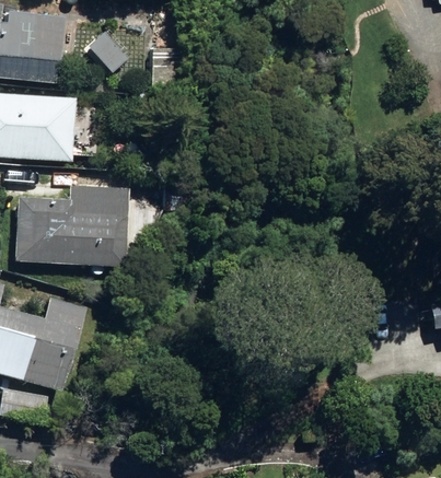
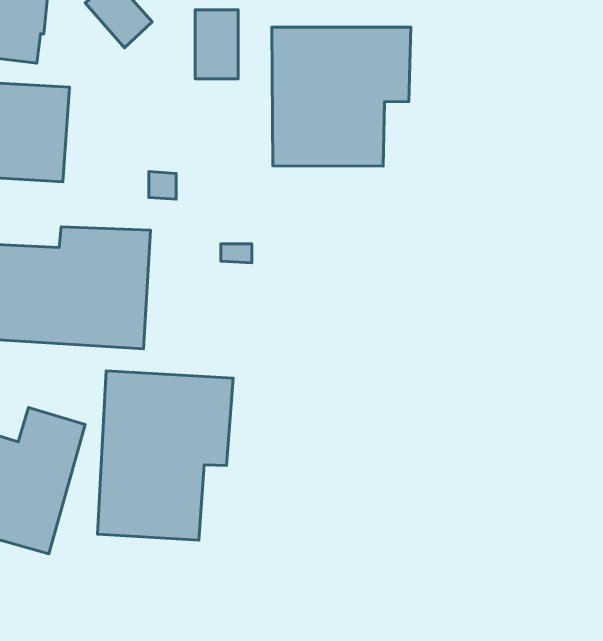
building: none -> [272,27,411,166]
building: none -> [97,371,233,540]

